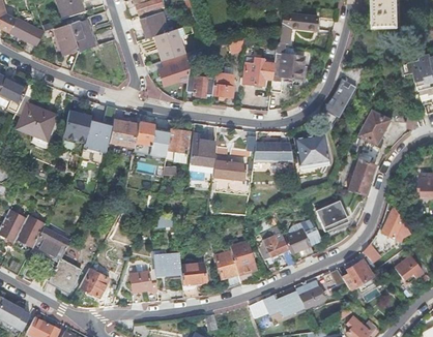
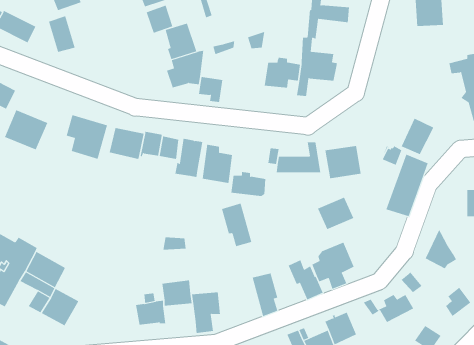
building: [69,20,94,50] -> none
building: [210,71,232,96] -> none
building: [321,78,355,118] -> none
building: [315,203,347,232] -> [317,197,354,230]
building: [213,249,240,287] -> [221,203,252,247]
building: [79,268,107,296] -> none

